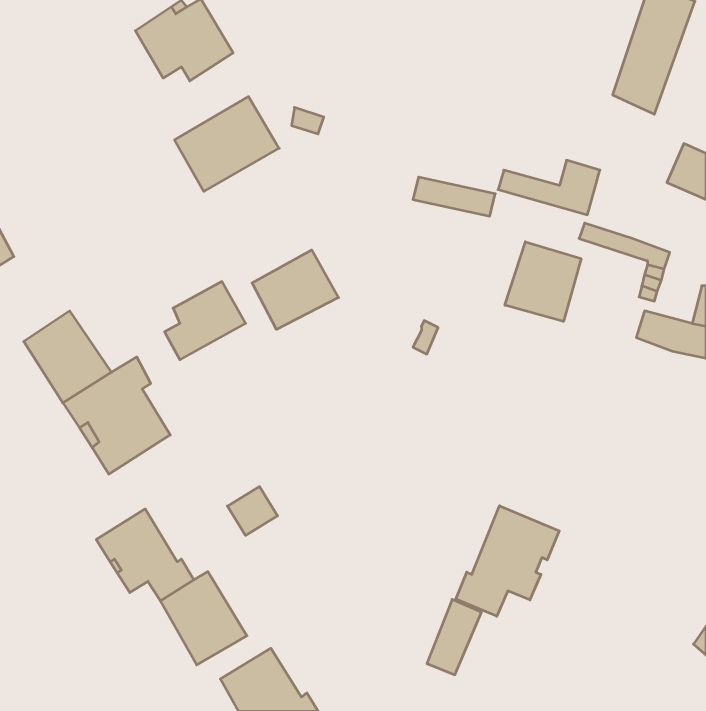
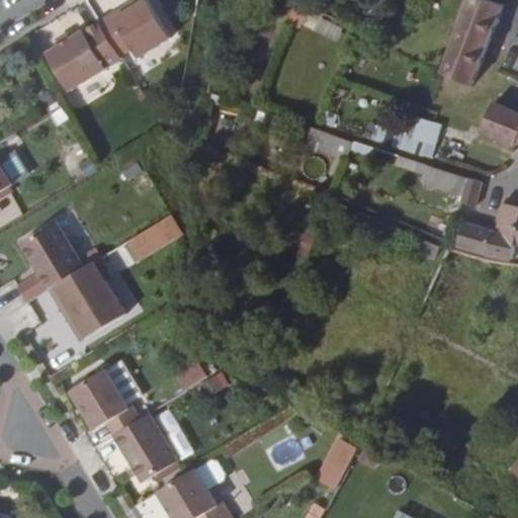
building: [175,97,279,191] -> [45,22,120,91]
building: [505,242,581,321] -> none
building: [252,250,339,329] -> none
building: [456,506,559,616] -> none

